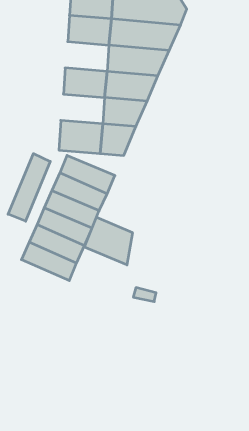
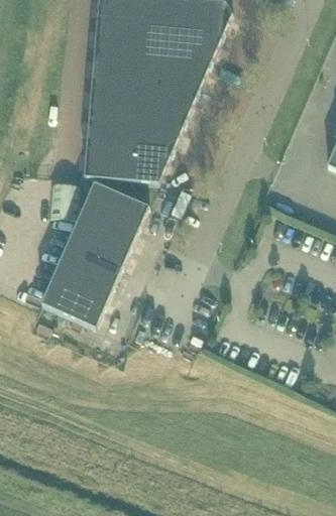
building: none -> [93,49,143,84]
building: none -> [88,110,138,144]
building: [8,154,50,221] -> none
building: [84,217,132,265] -> none

